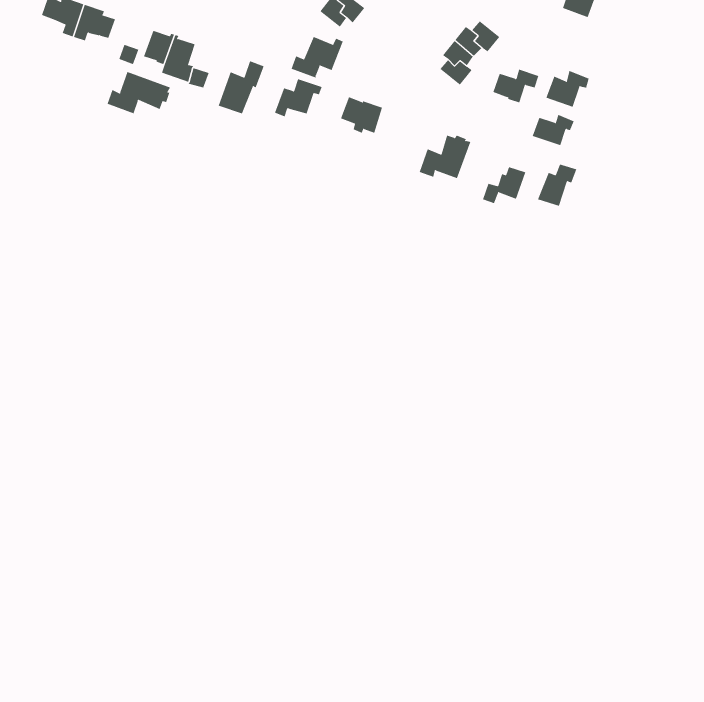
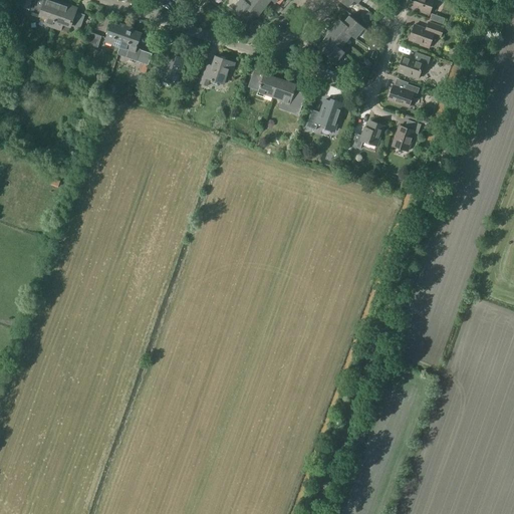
building: [291,36,344,78] -> none
building: [492,69,539,103] -> [409,22,443,47]
building: [107,71,171,114] -> none
building: none -> [273,78,305,105]

